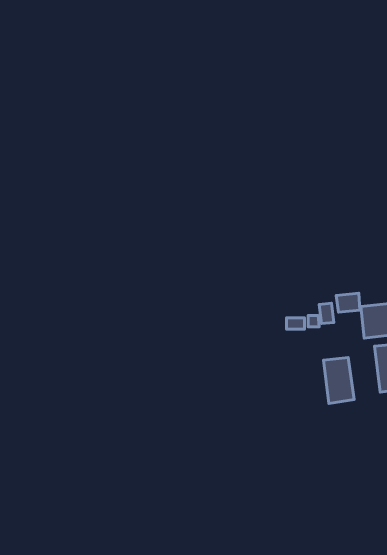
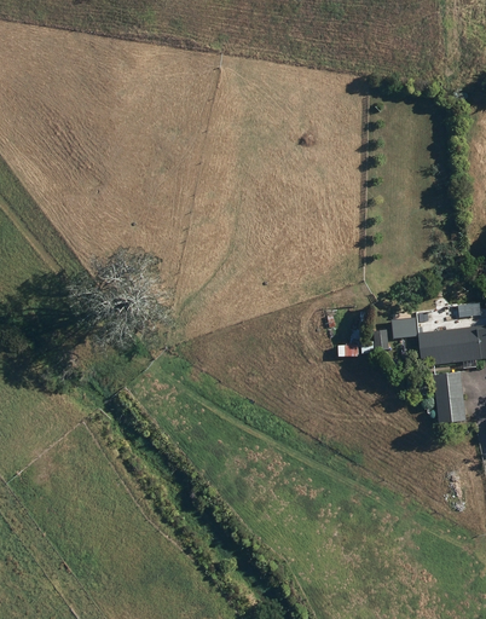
building: [323,357,354,403] -> none

